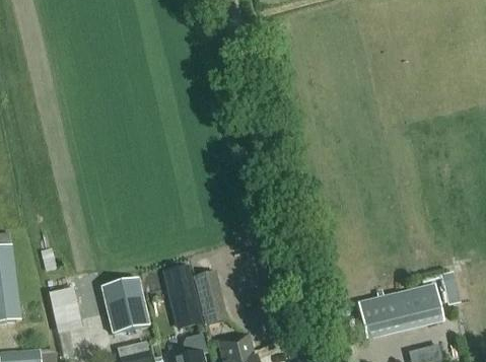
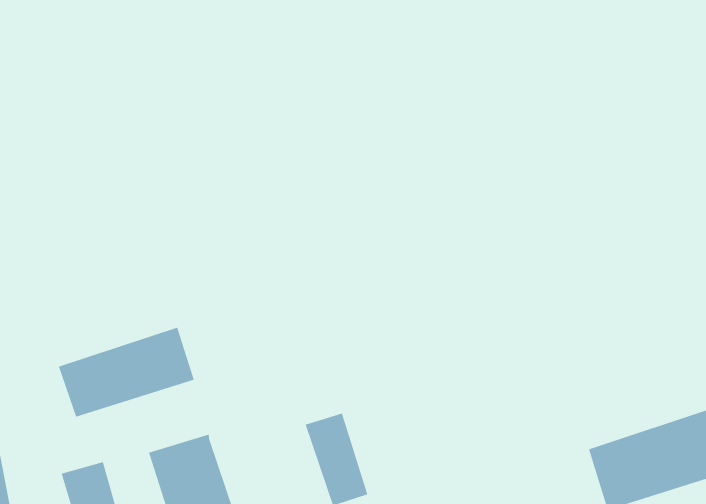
building: none -> [58,327,194,418]
building: [166,266,197,312] -> none

